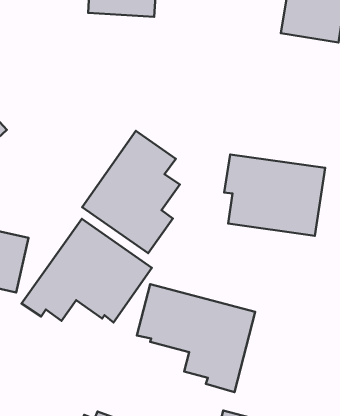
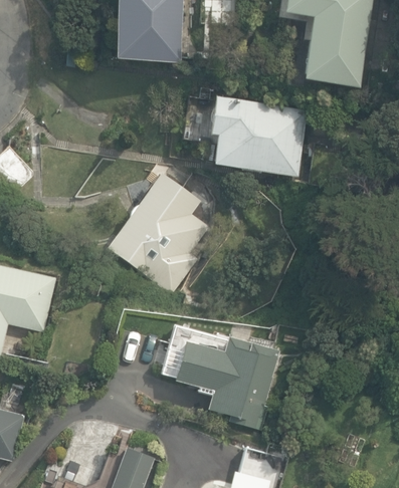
building: [224,155,325,236] -> [209,96,308,176]
building: [22,219,152,322] -> none

